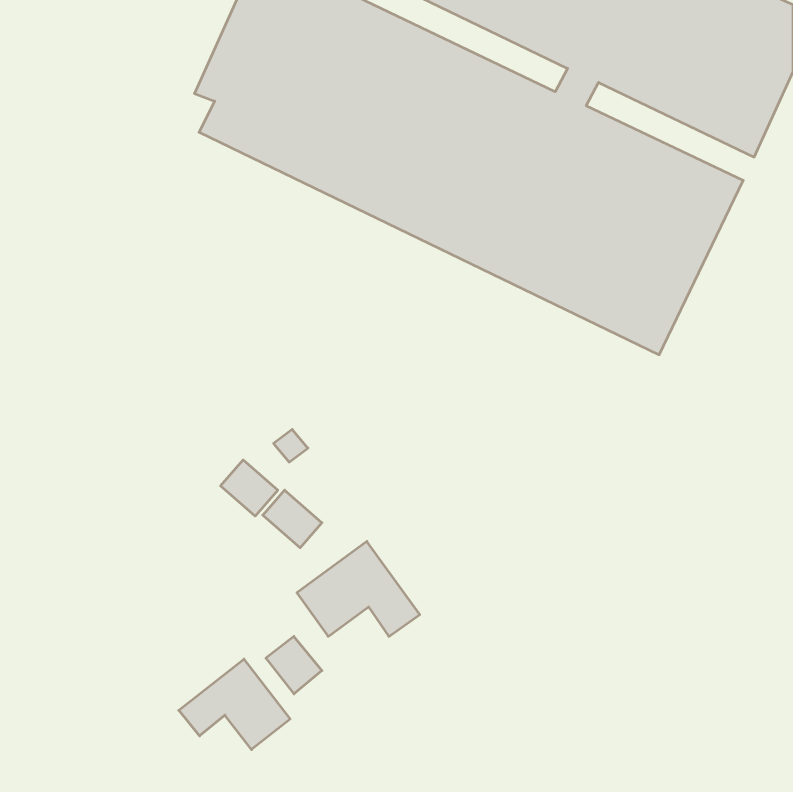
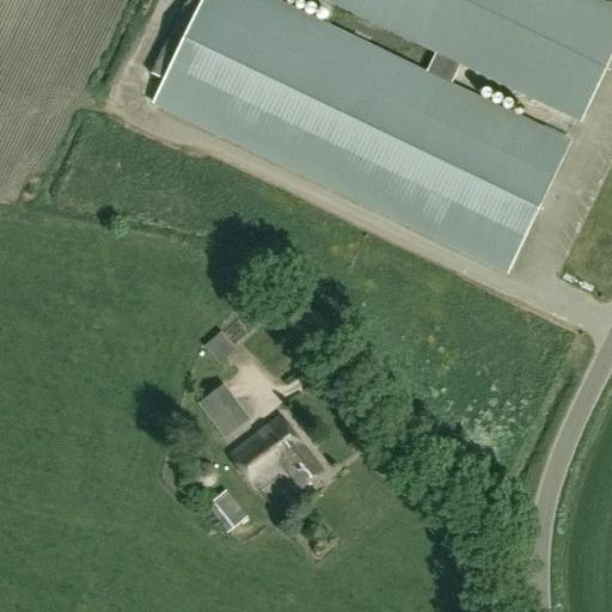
building: [221,460,278,516] -> none
building: [179,659,290,750] -> none

